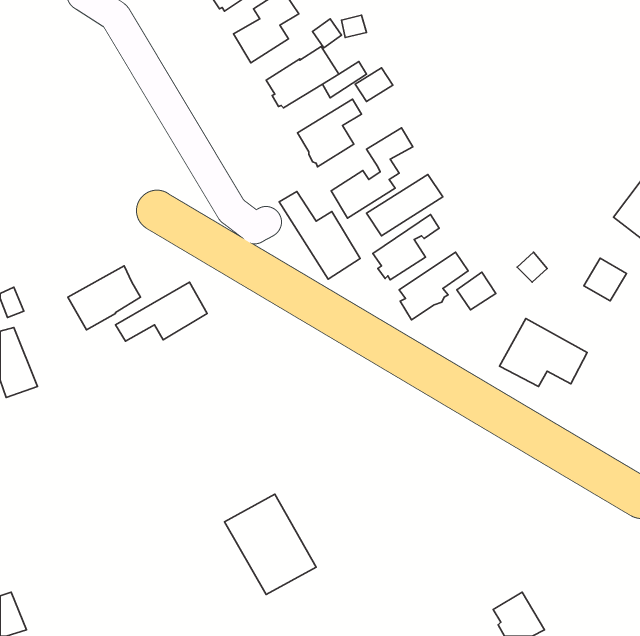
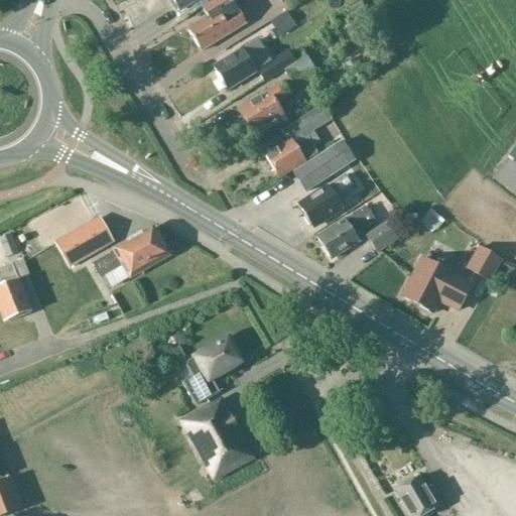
building: [279,191,360,279] -> none
building: [584,258,627,301] -> [467,245,501,279]
building: none -> [185,337,239,402]

